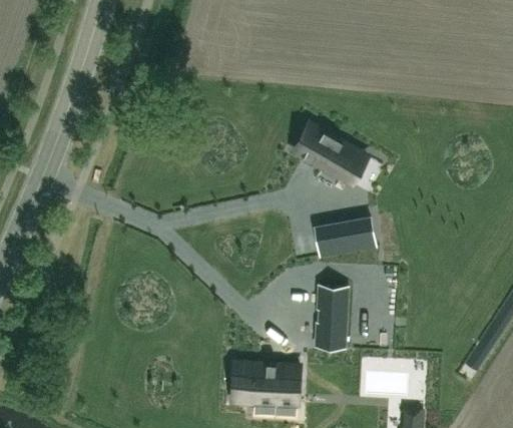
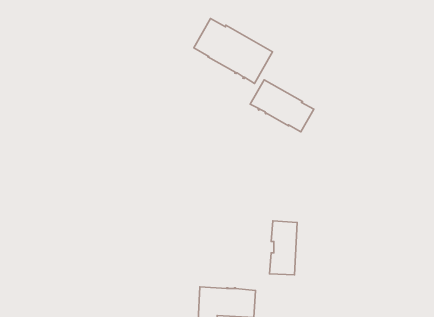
building: none -> [194,18,272,83]
building: [316,220,376,257] -> none

